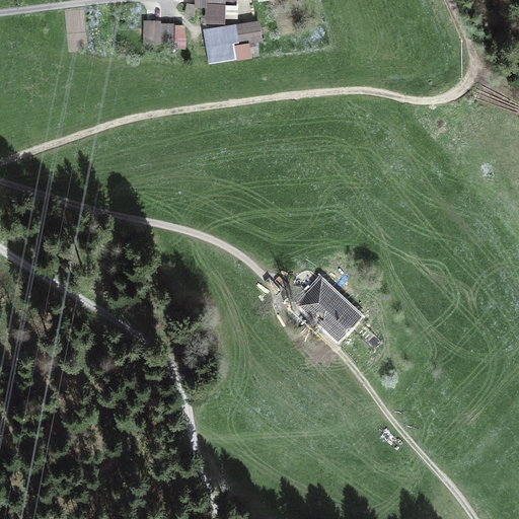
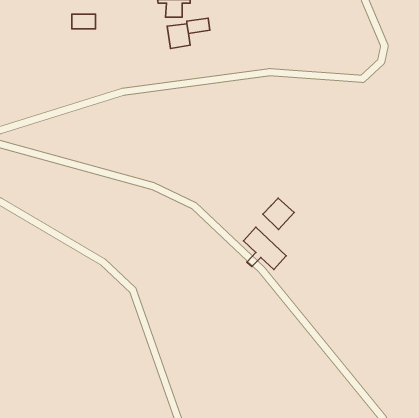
building: [146,22,175,41] -> [72,14,96,29]
building: none -> [263,198,294,229]

